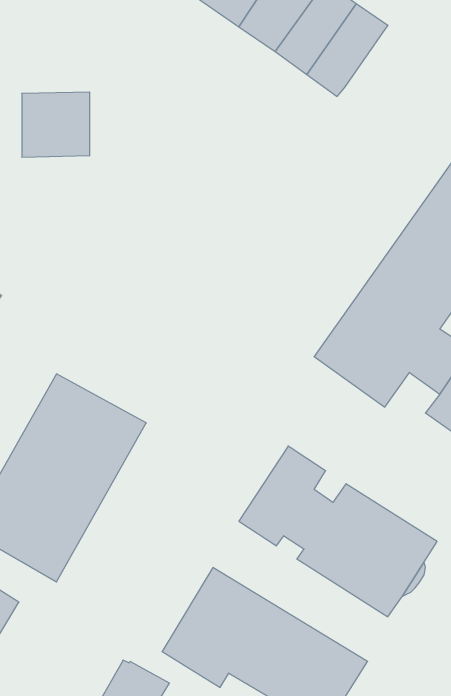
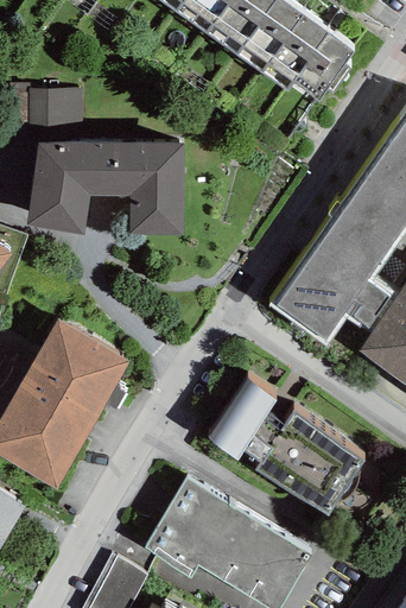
building: none -> [293,32,354,100]
building: none -> [26,142,184,235]

